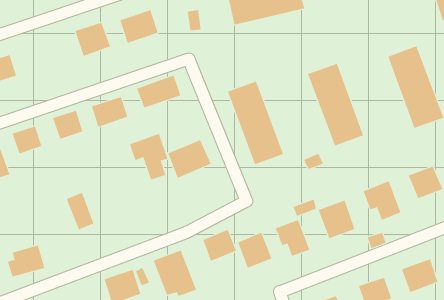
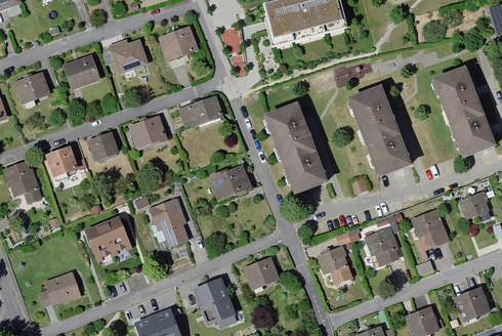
building: none -> [59,55,99,90]
building: [129,133,168,180] -> [147,197,187,246]
building: none -> [83,225,113,264]
building: [237,232,272,268] -> none

